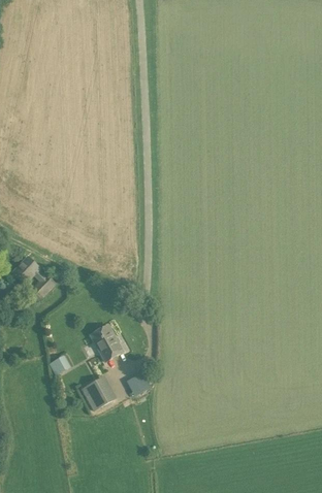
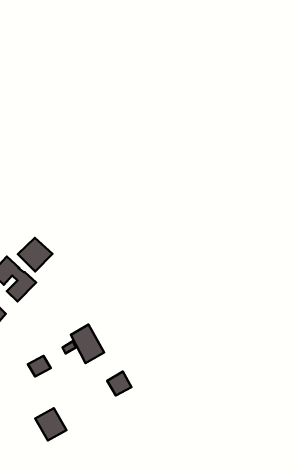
building: none -> [18,238,53,271]
building: [82,377,112,409] -> [35,408,66,441]

